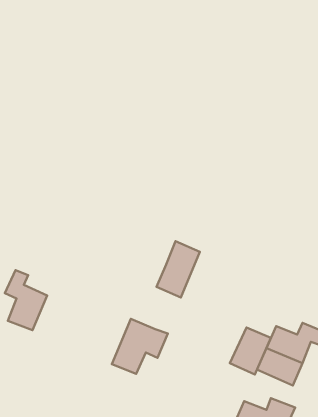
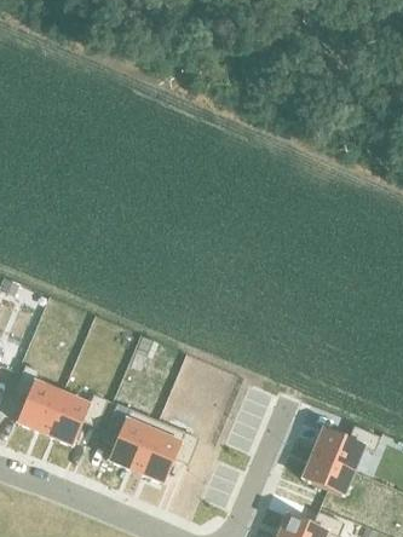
building: [157,241,200,297] -> [108,408,157,472]
building: none -> [45,393,108,445]
building: [230,327,271,374] -> none

